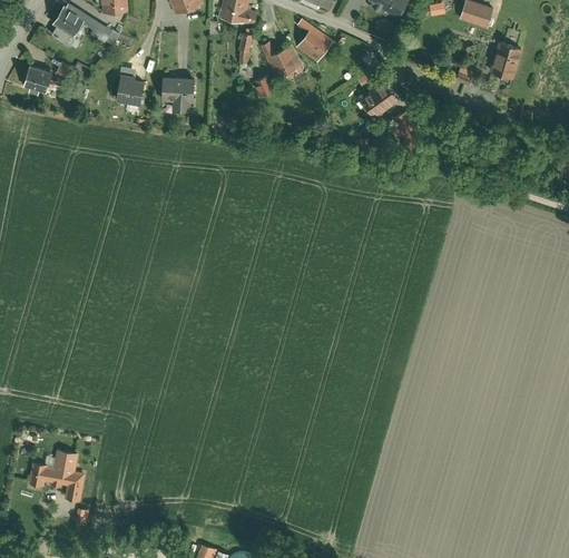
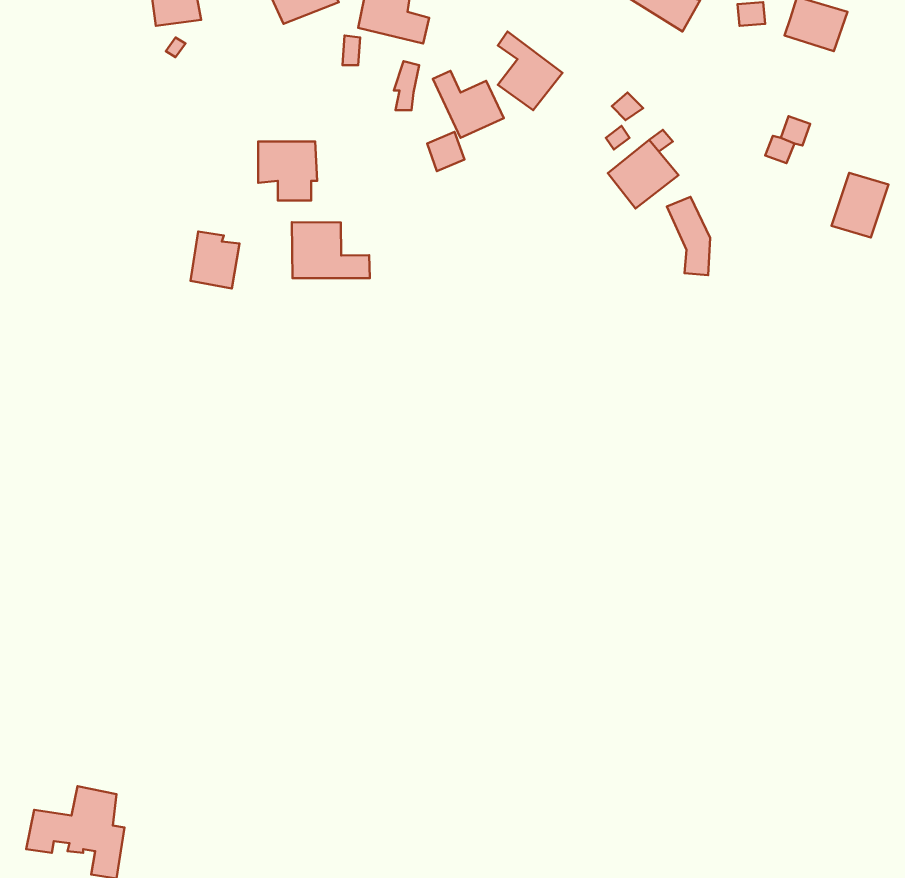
building: [55,7,87,37] -> none
building: [490,41,522,78] -> [831,173,888,238]
building: [27,60,56,88] -> none
building: [116,77,144,109] -> [190,232,240,289]
building: none -> [292,222,370,278]

